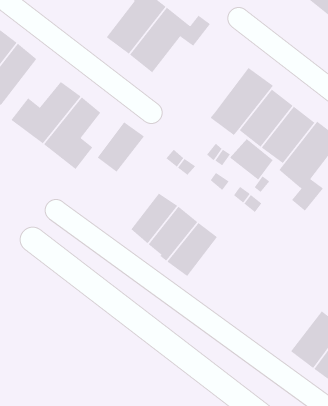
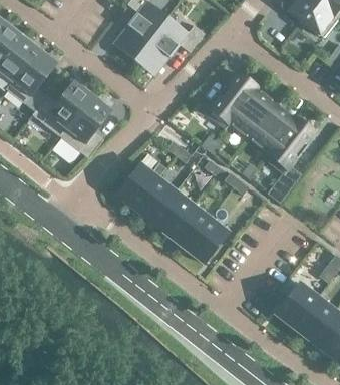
building: [97,121,145,173] -> [118,164,159,209]
building: [229,138,274,181] -> none
building: none -> [185,216,230,265]

